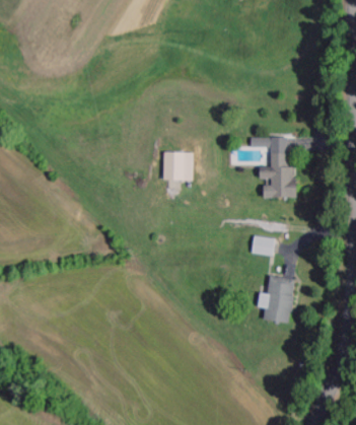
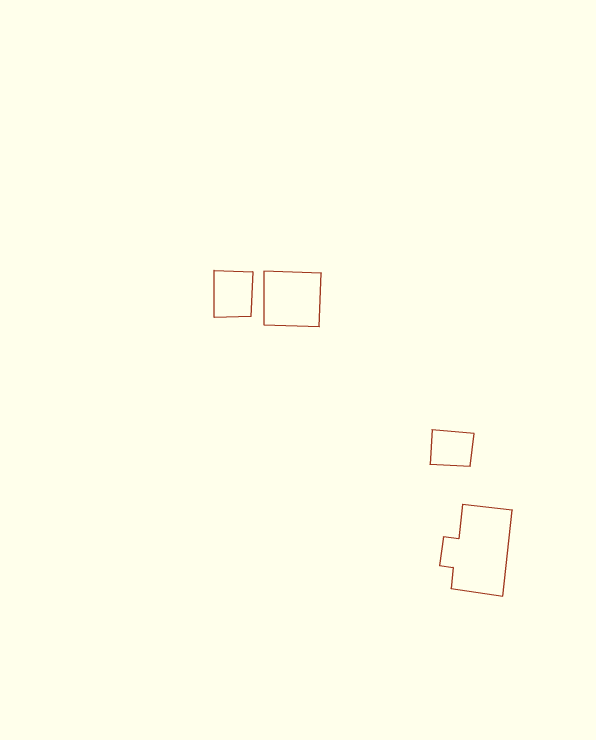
building: [251,137,296,197] -> none
building: none -> [214,270,253,317]

